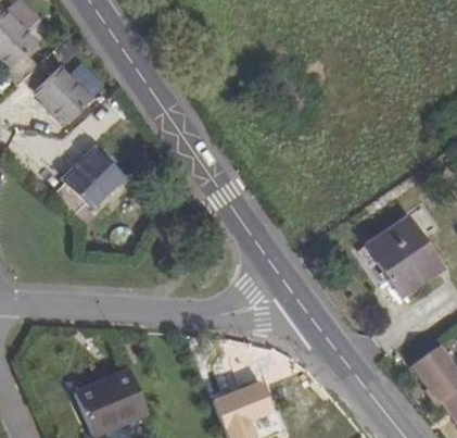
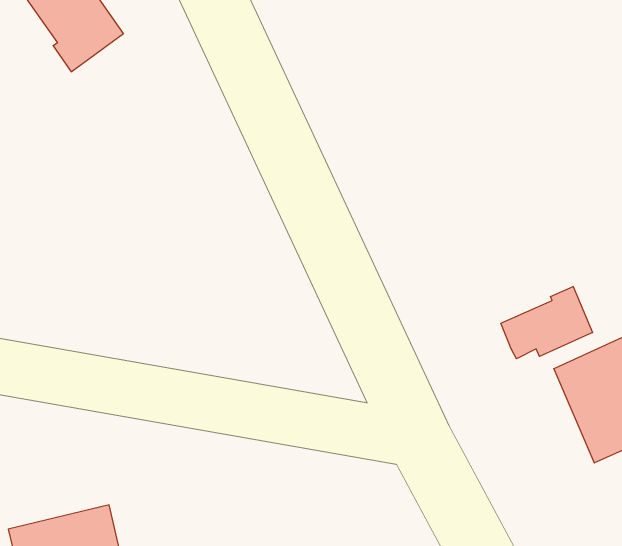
building: [56,147,123,212] -> none
building: none -> [501,286,593,359]

